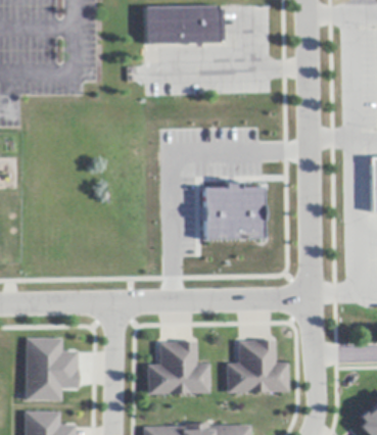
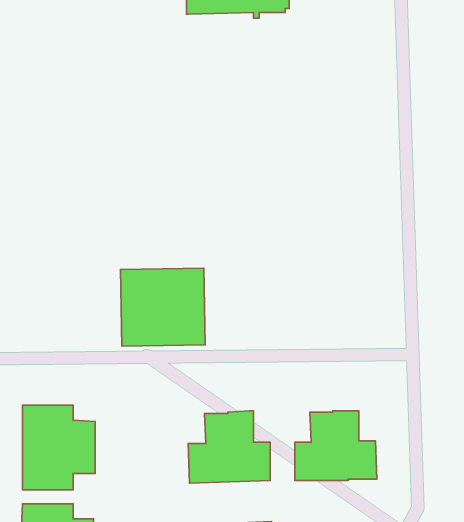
building: [197,181,261,239] -> [120,268,205,346]

